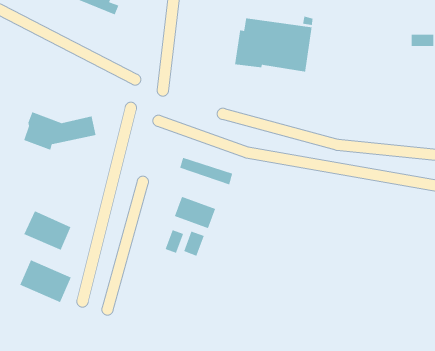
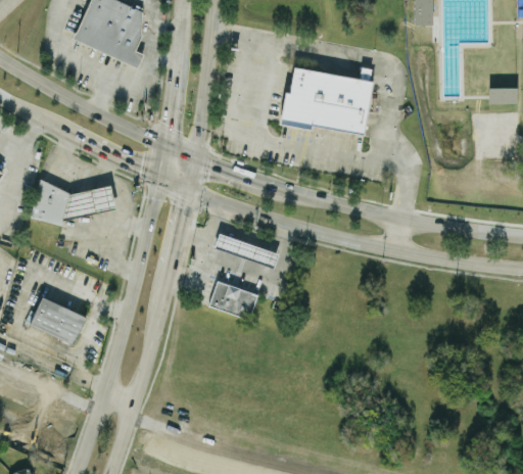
building: [165,229,184,254] -> none
building: [183,230,205,257] -> none
building: [19,259,72,303] -> none

